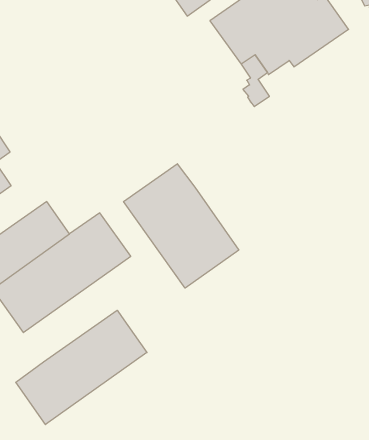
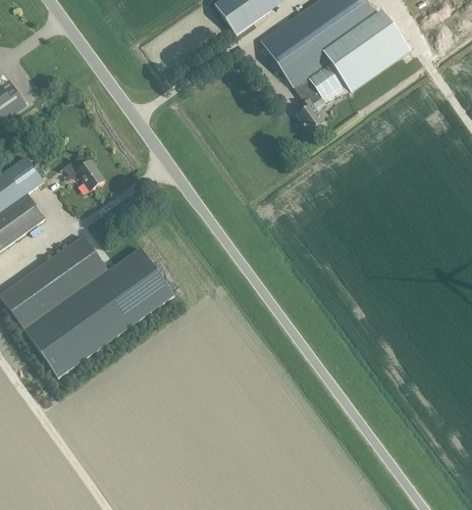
building: none -> [65,155,105,190]
building: [124,164,239,288] -> none
building: [16,310,147,425] -> none

